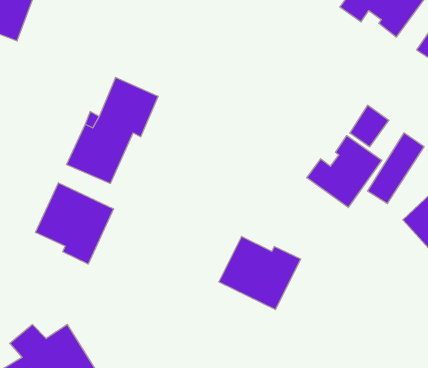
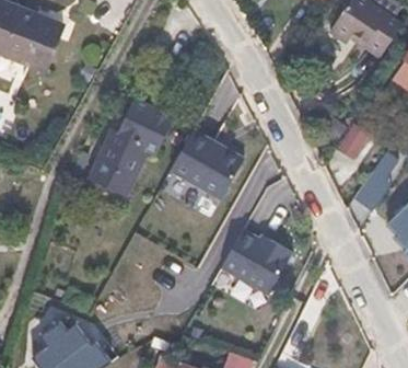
building: none -> [171,129,244,198]
building: [307,136,382,208] -> none
building: [36,183,114,264] -> none

